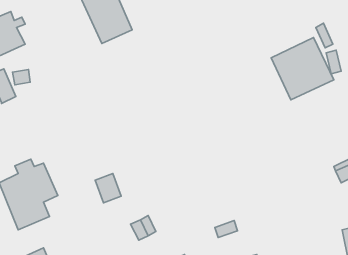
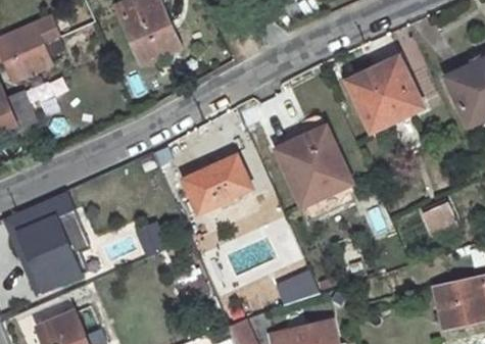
building: none -> [277,117,351,205]
building: none -> [185,154,253,211]

